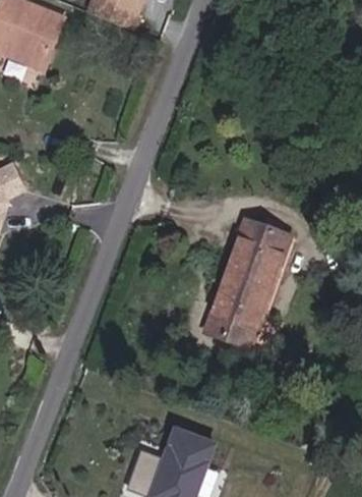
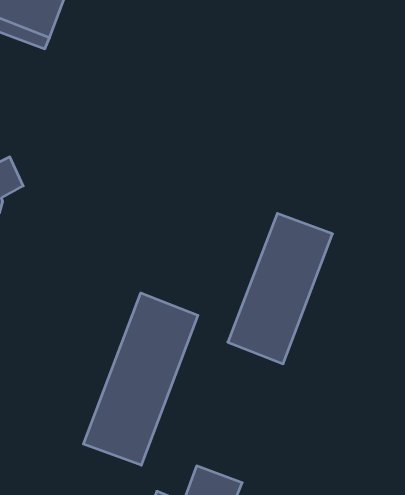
building: none -> [83,293,198,465]

